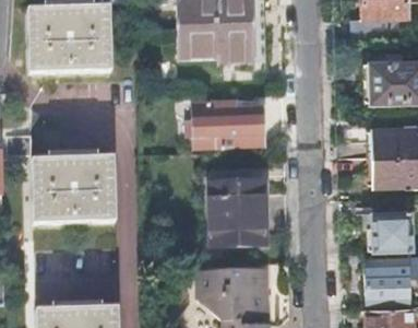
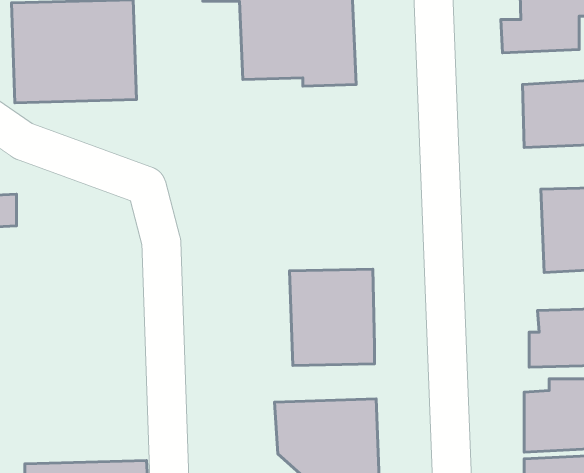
building: [193,101,262,147] -> none
building: [33,160,115,224] -> none

